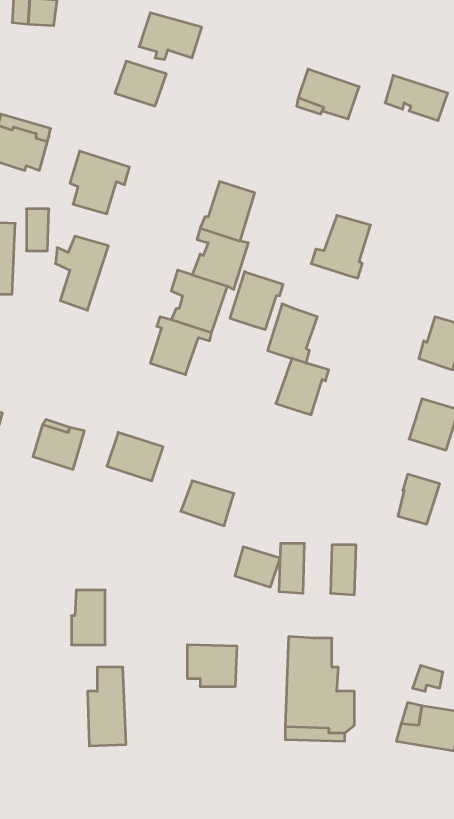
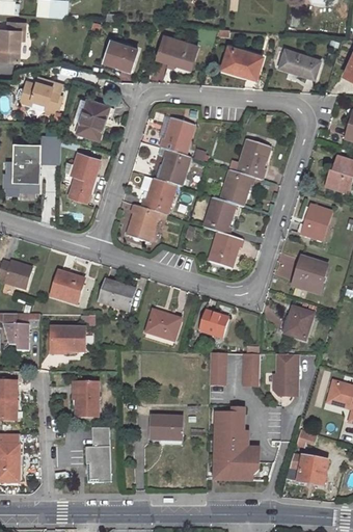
building: [139,13,202,59] -> [157,35,197,65]
building: [230,272,283,329] -> [219,169,253,207]
building: none -> [51,327,85,351]
building: none -> [274,352,298,394]
building: [235,547,280,587] -> [199,311,228,337]

